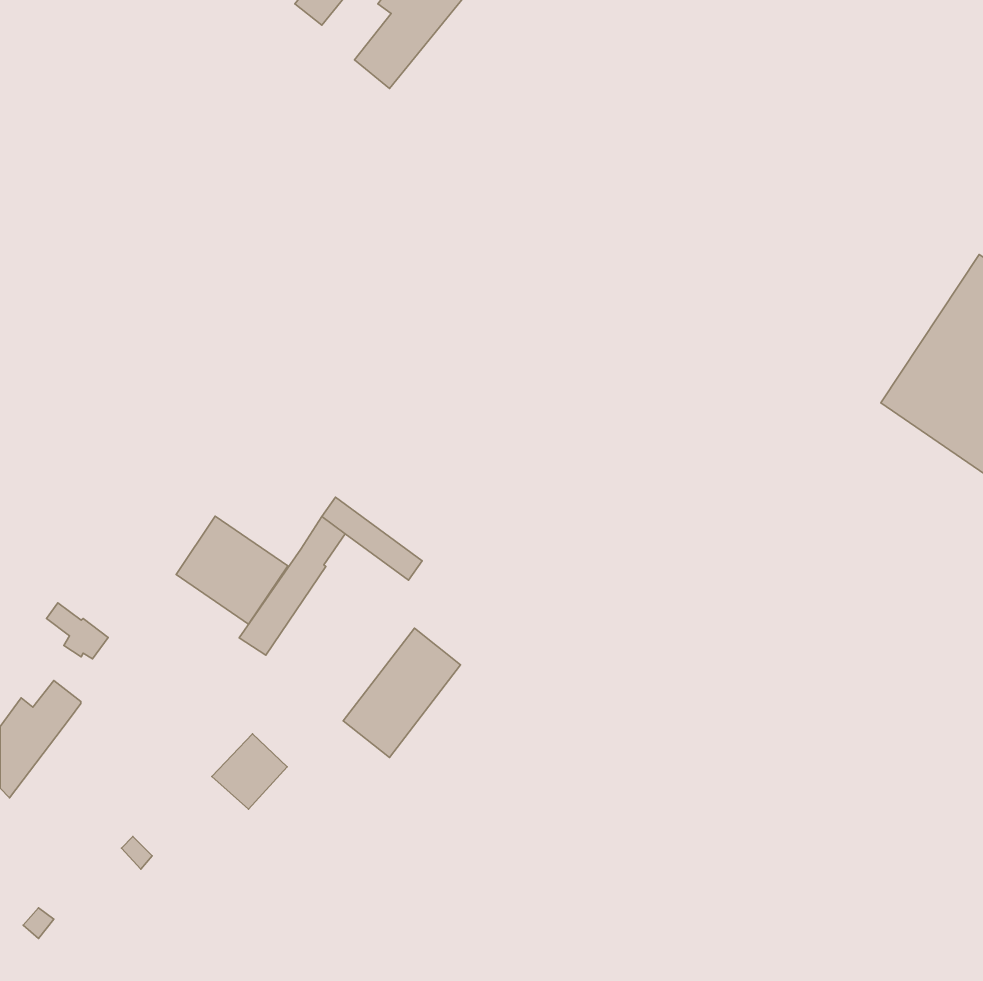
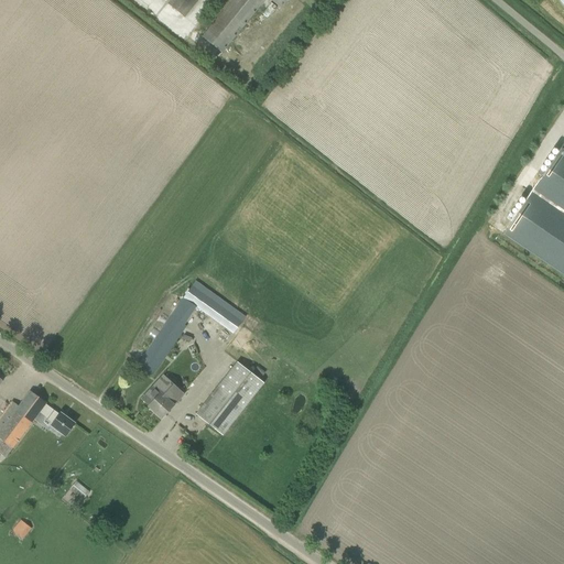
building: [176,516,288,624] -> none
building: [46,603,108,659] -> [41,402,76,434]
building: [212,734,287,809] -> [142,373,185,416]

